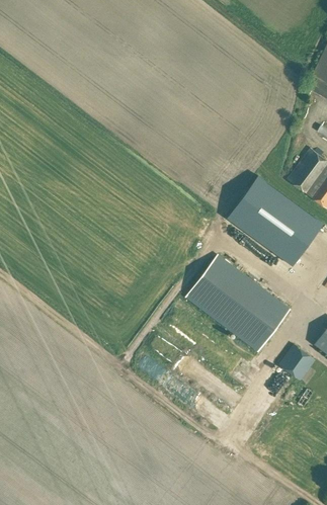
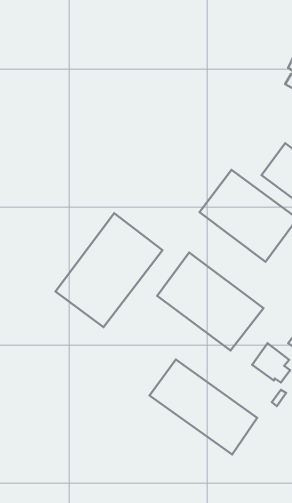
building: none -> [56,213,162,327]
building: none -> [149,359,257,455]

